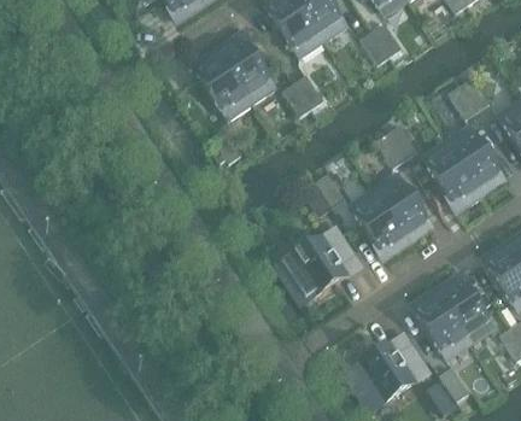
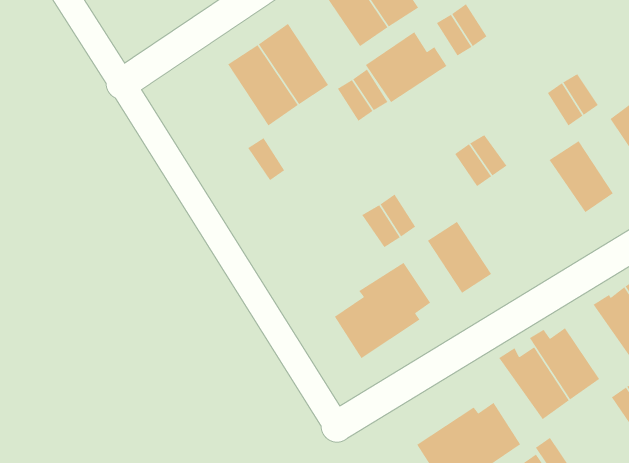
building: none -> [365,31,447,103]
building: [427,146,485,204] -> none
building: [379,179,431,236] -> none

